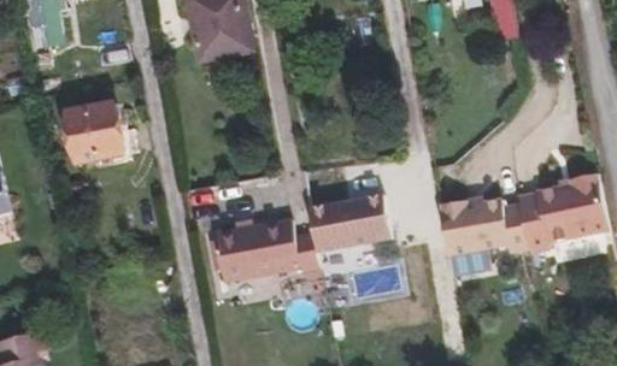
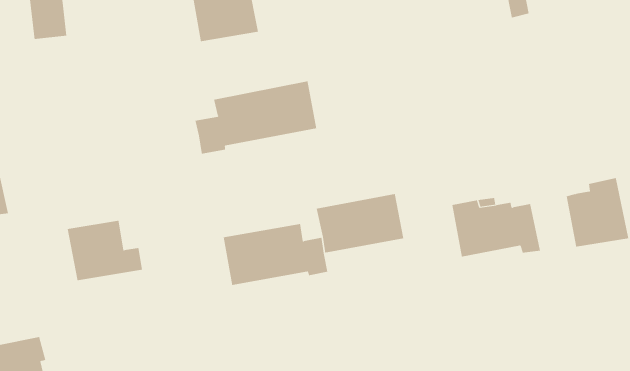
building: none -> [195,81,317,155]
building: [66,104,140,163] -> [67,220,143,281]
building: [517,195,559,258] -> none

